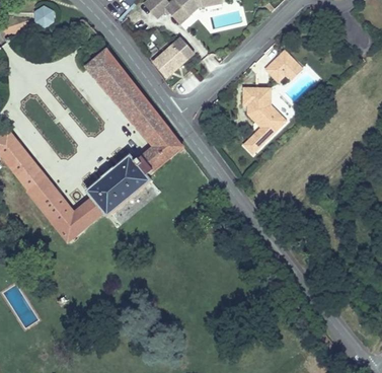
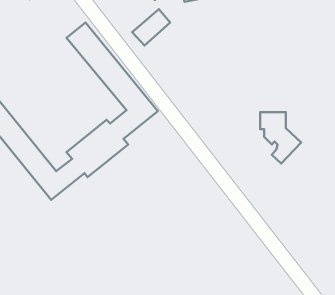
building: [261,47,302,82] -> none
building: [243,90,287,145] -> [260,112,301,164]

